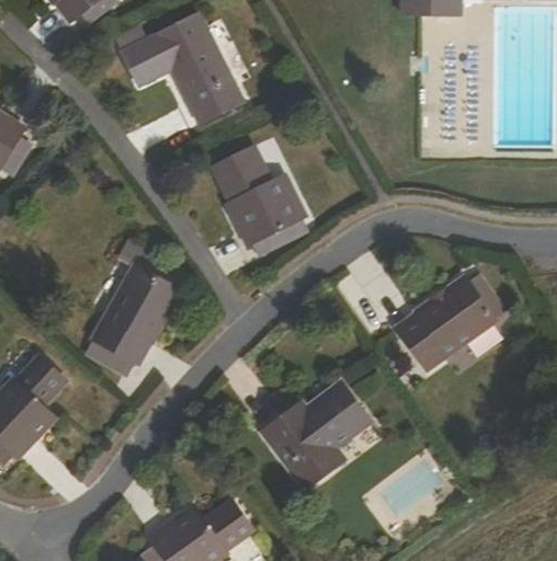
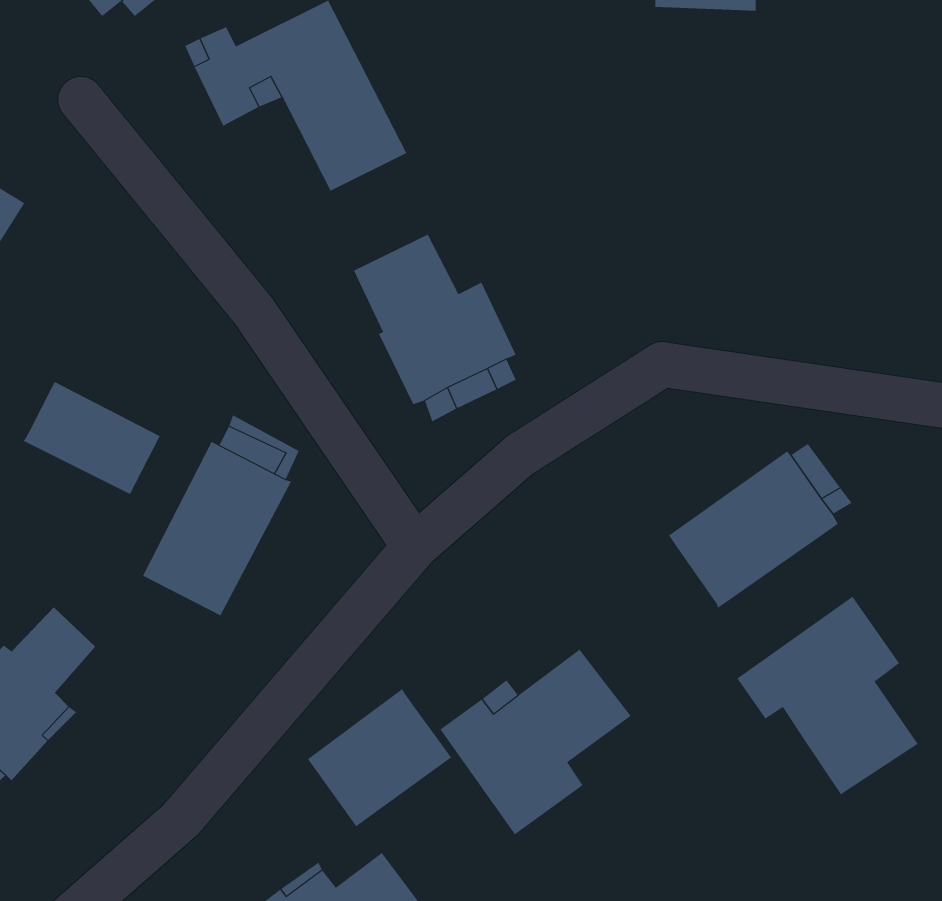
building: none -> [23,381,161,495]
building: none -> [737,596,919,795]
building: none -> [307,688,452,827]

